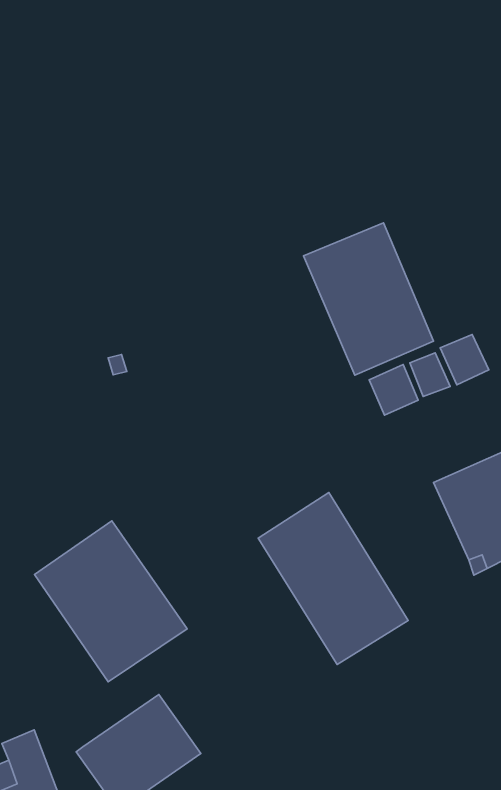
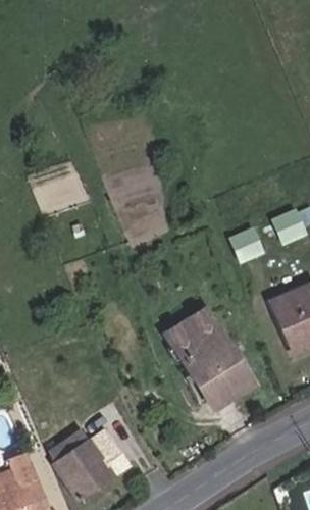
building: [303,223,434,375] -> none
building: [34,521,187,682] -> none

